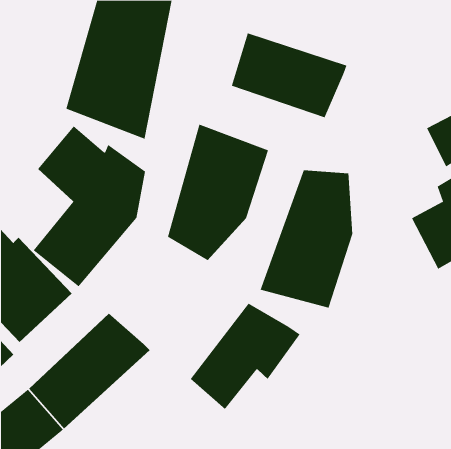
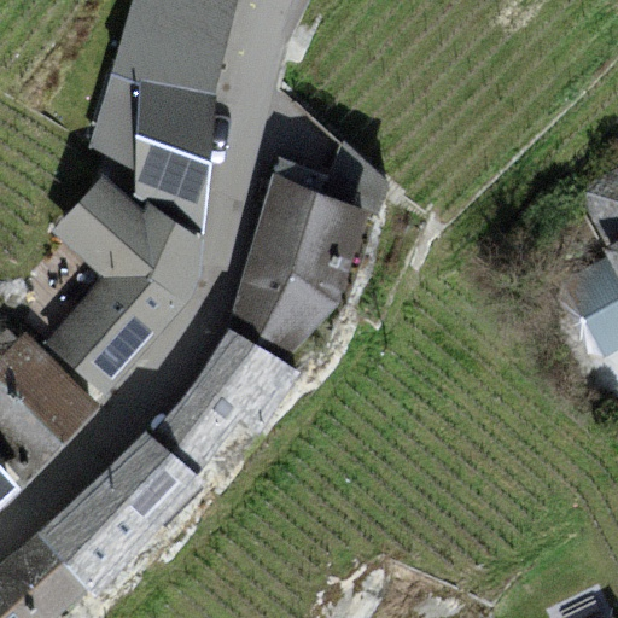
building: [231,33,347,118] -> none
building: [260,170,353,309] -> none
building: [190,303,300,410] -> [150,327,301,473]

